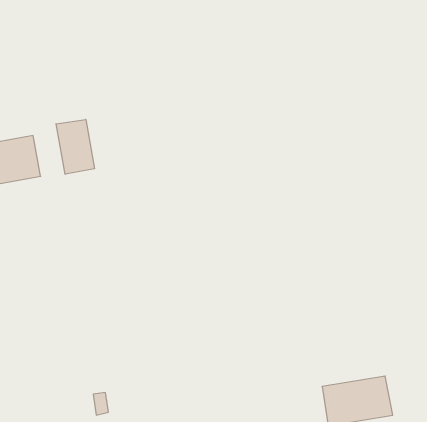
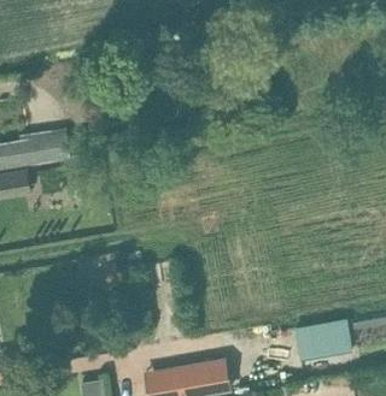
building: [56,119,94,174] -> none

